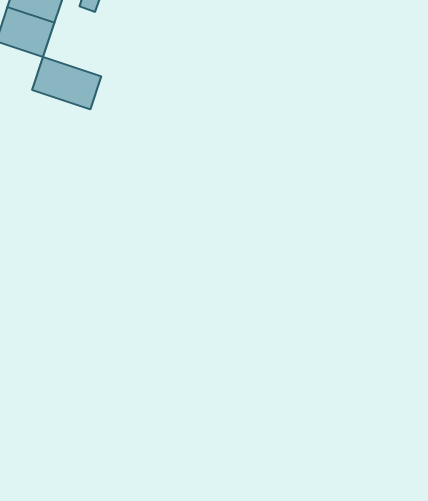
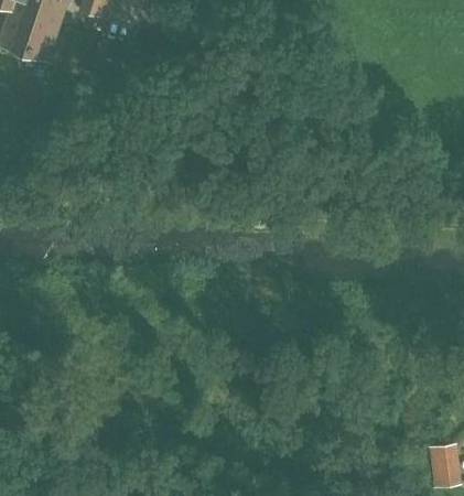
building: [32,57,101,109] -> none

